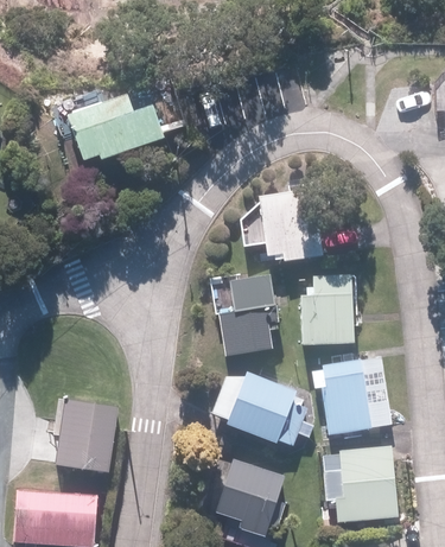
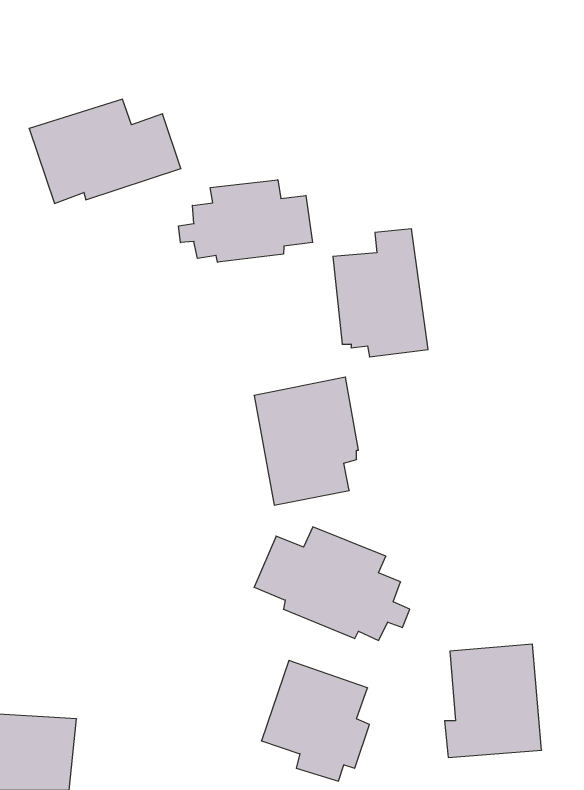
building: none -> [179,180,313,262]
building: [300,274,352,344] -> none
building: [310,356,389,434] -> none
building: [55,399,116,472] -> none

